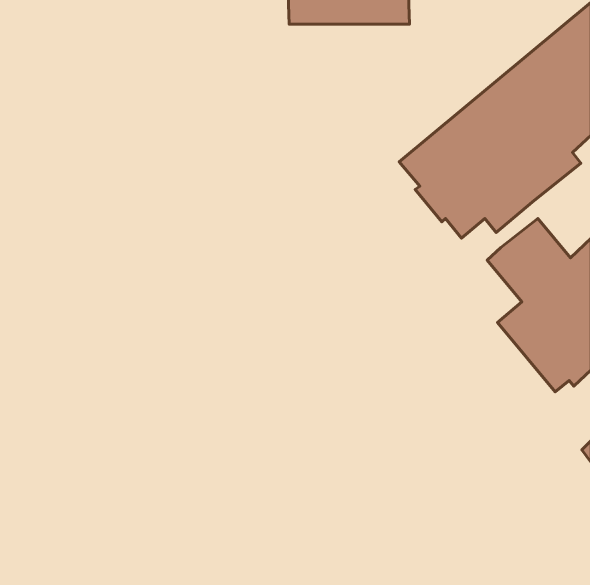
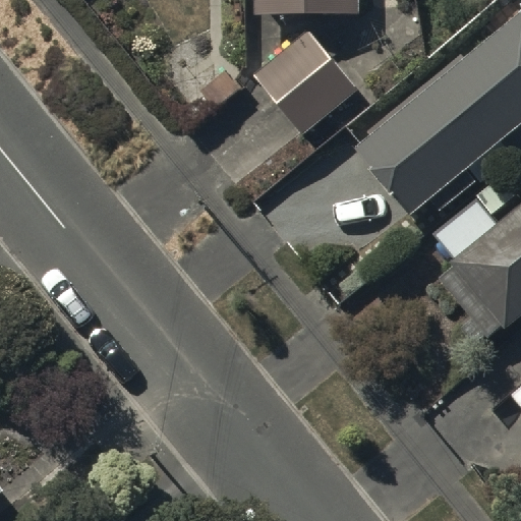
building: none -> [257,33,360,151]

